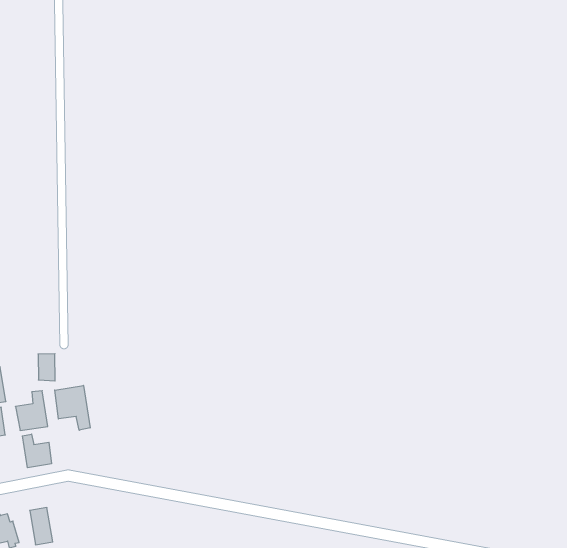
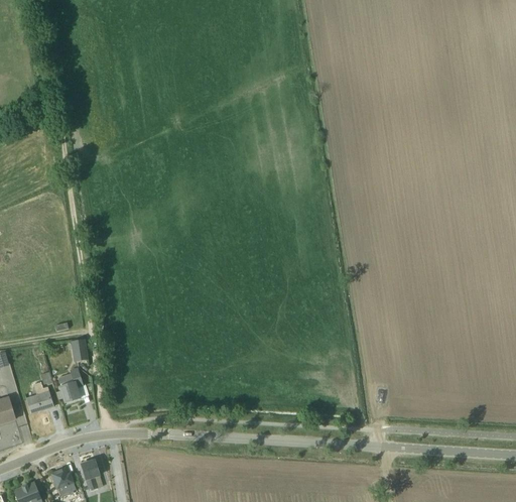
building: [55,385,90,430] -> none
building: [22,434,51,468] -> none

